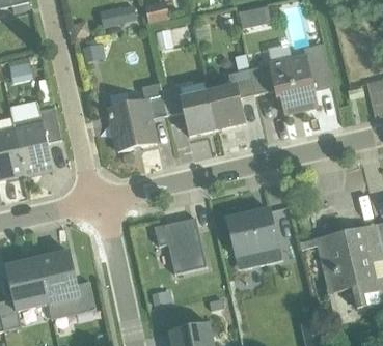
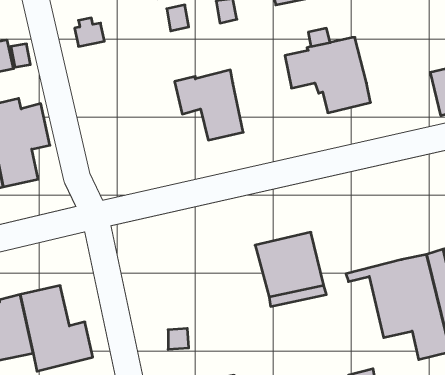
building: [302,42,331,89] -> none
building: [208,52,254,128] -> none
building: [107,81,167,150] -> none
building: [154,217,206,272] -> none

